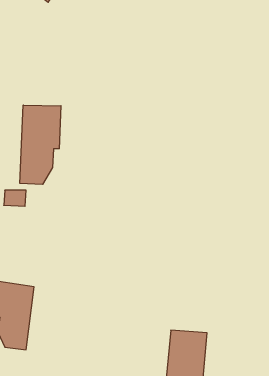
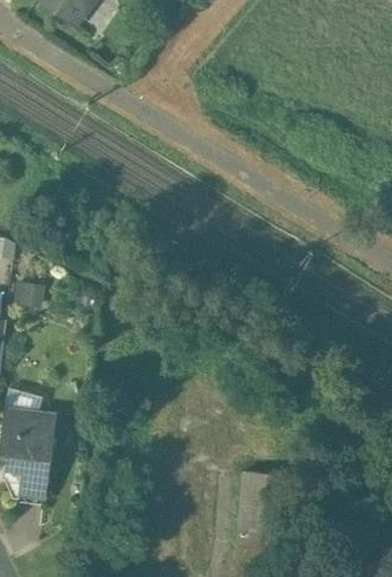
building: [20,105,61,184] -> none

